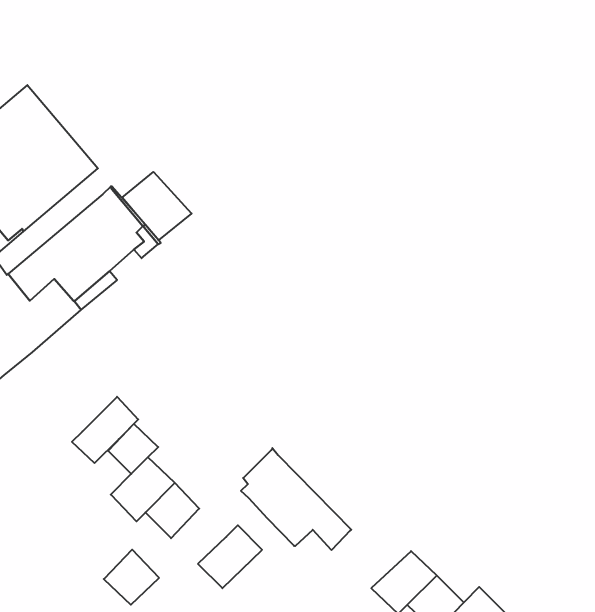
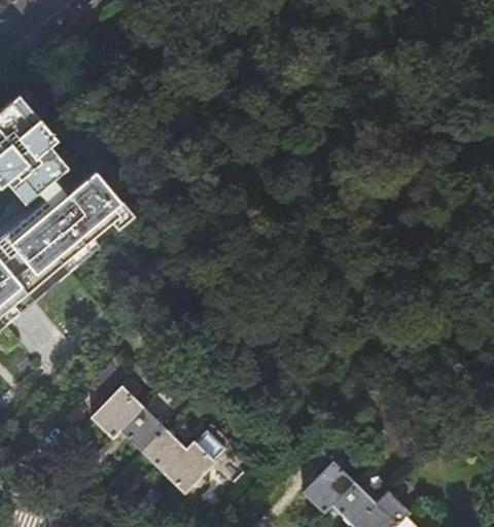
building: [122,172,192,240] -> none
building: [72,397,138,463] -> none
building: [241,448,351,550] -> none
building: [104,550,159,605] -> [141,428,185,472]

